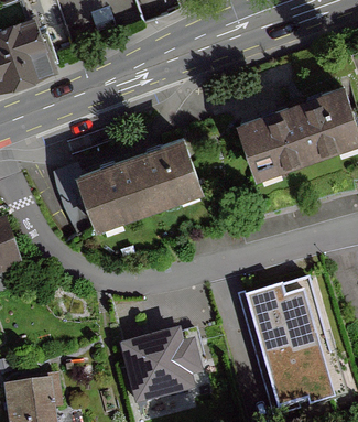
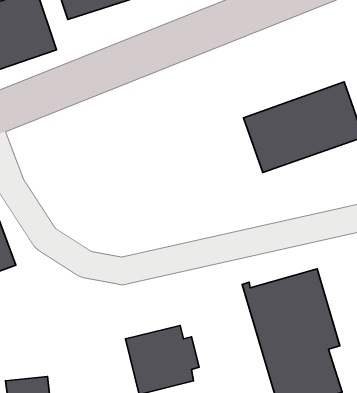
building: [79,138,200,231] -> none

